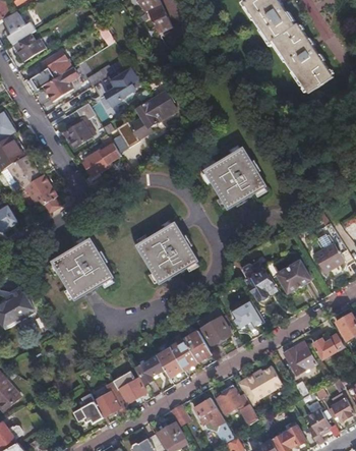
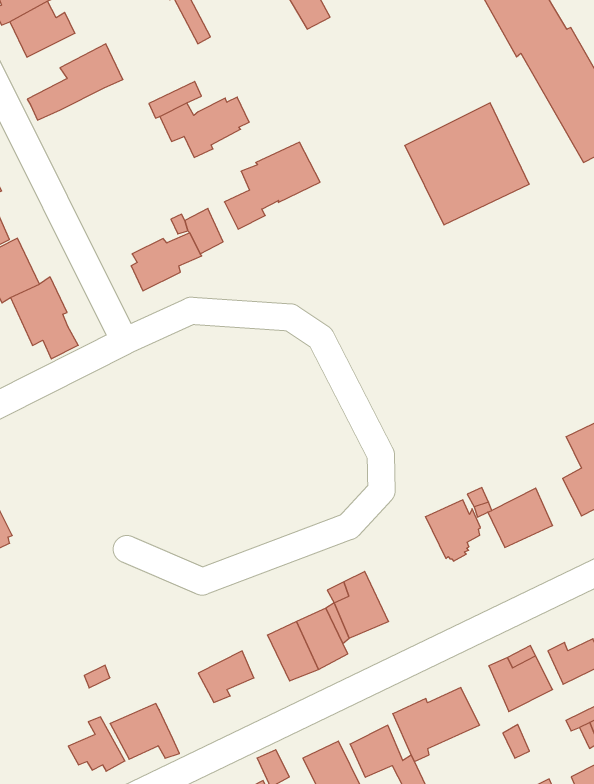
building: [42,68,78,103] -> none
building: [65,104,96,147] -> none
building: [203,145,269,209] -> [405,103,529,225]
building: [135,221,198,284] -> none
building: [51,237,115,300] -> none
building: [229,298,264,330] -> none
building: [157,346,183,377] -> none
building: [112,370,145,401] -> none

